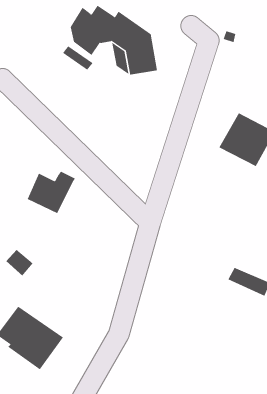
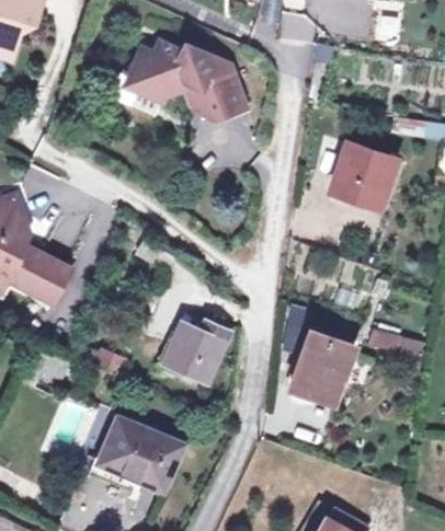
building: [27,171,76,214] -> [164,319,219,371]
building: none -> [295,323,353,392]

